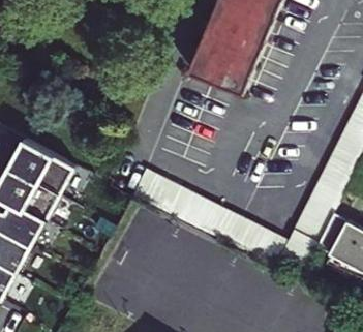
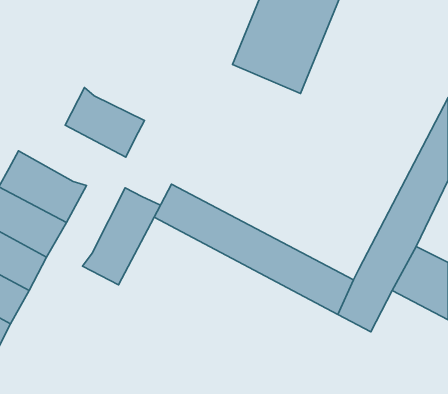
building: none -> [65,88,144,157]
building: none -> [82,188,160,285]

